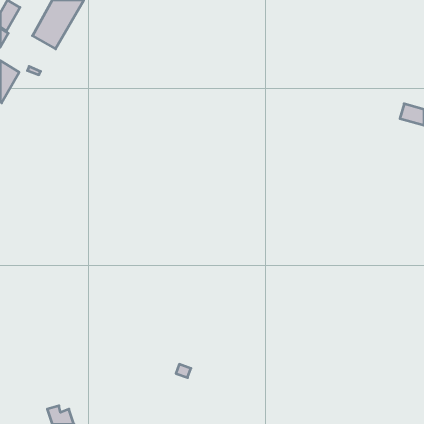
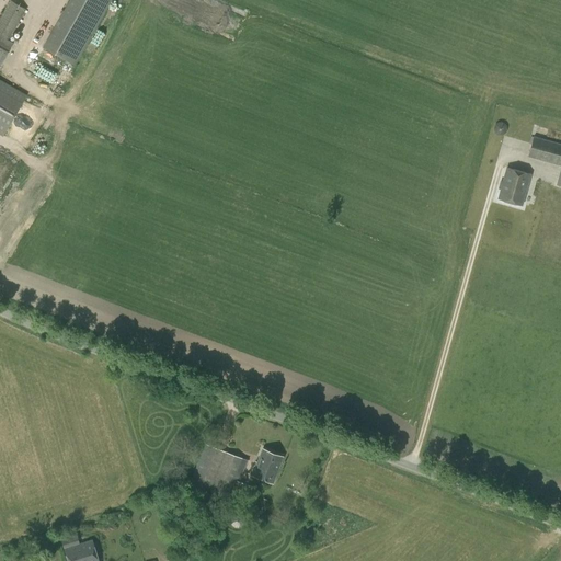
building: none -> [499,169,530,205]
building: none -> [190,444,248,500]
building: none -> [252,449,283,483]

